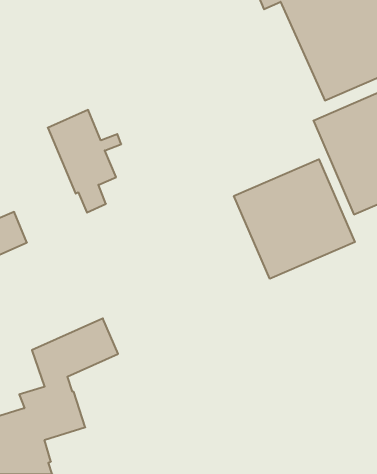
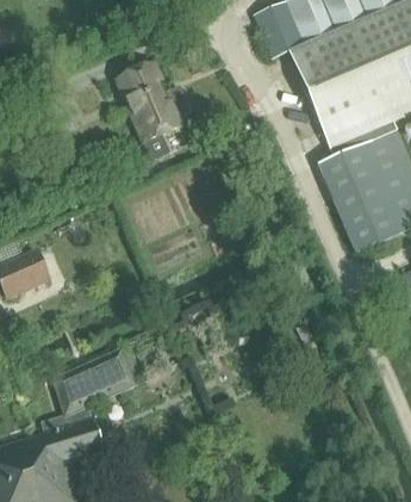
building: [48,110,121,213] -> [116,63,185,160]
building: [234,159,355,279] -> none

